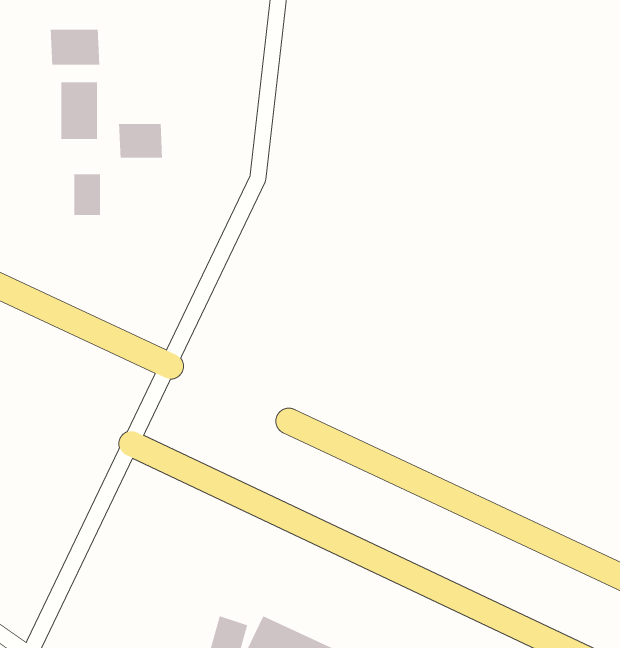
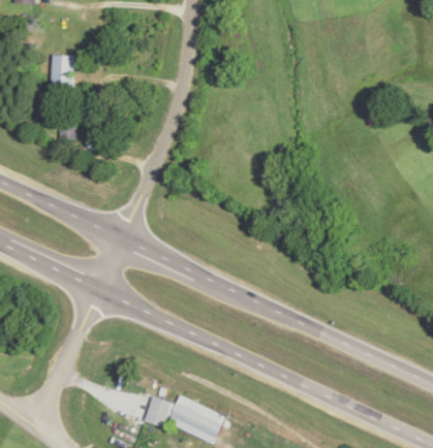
building: [50,29,100,66] -> none
building: [118,123,163,158] -> none

